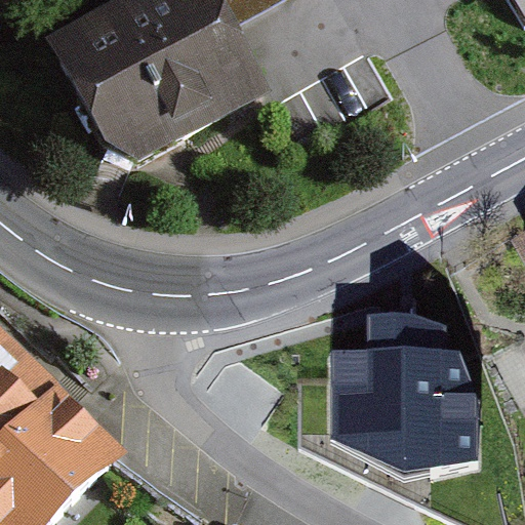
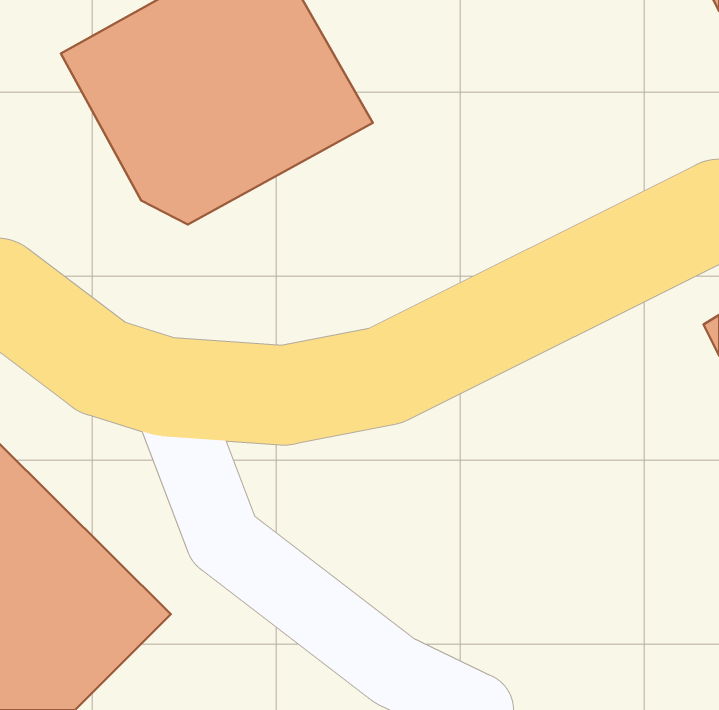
building: [330,346,478,475] -> none

